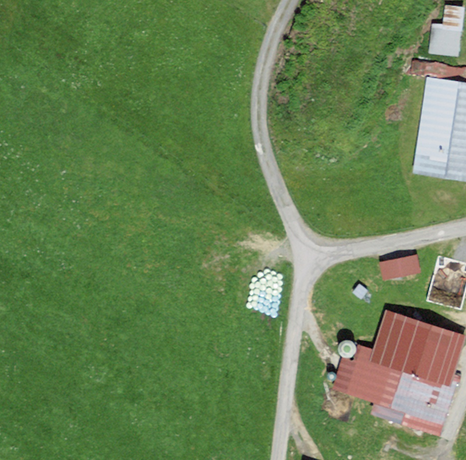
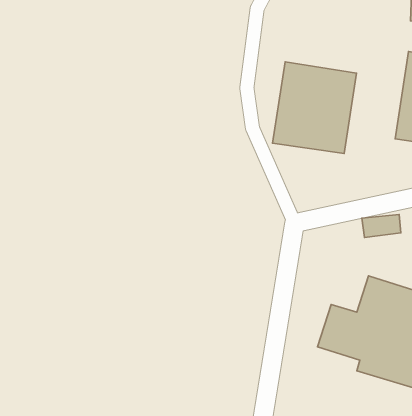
building: none -> [272,62,356,154]

